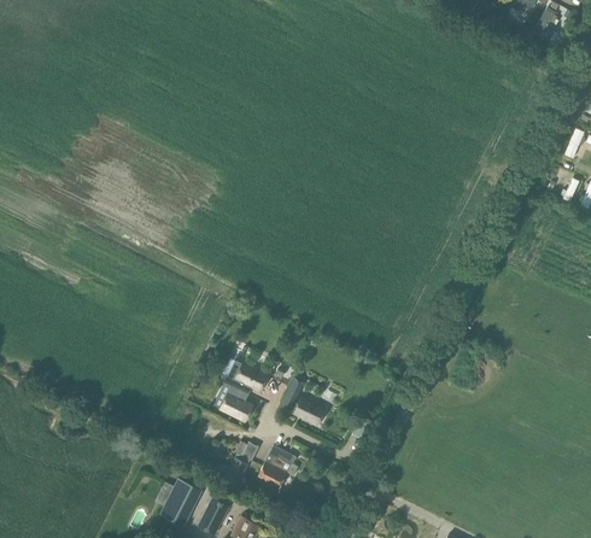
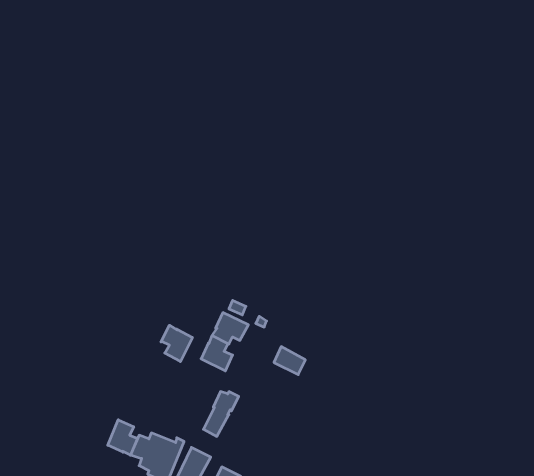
building: none -> [161,325,192,362]
building: [257,445,288,490] -> none
building: none -> [108,420,138,455]

